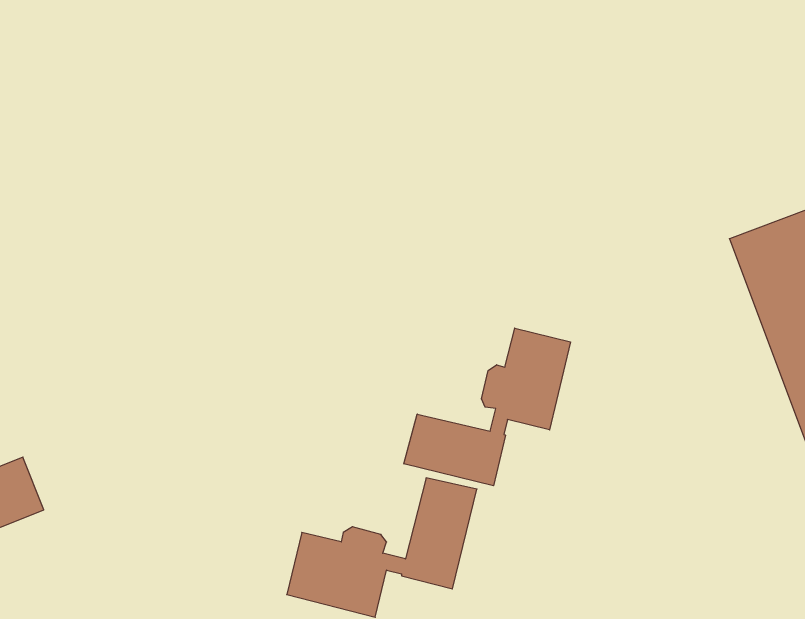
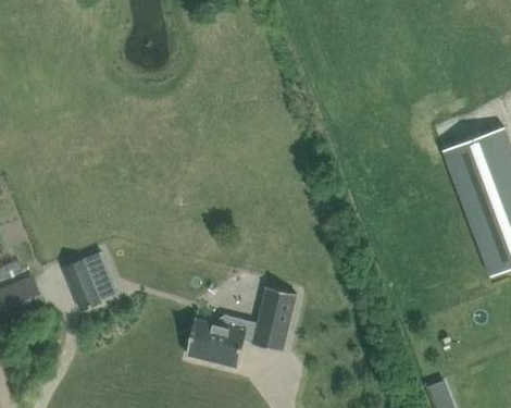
building: [404,328,570,486] -> none
building: none -> [63,258,111,310]

